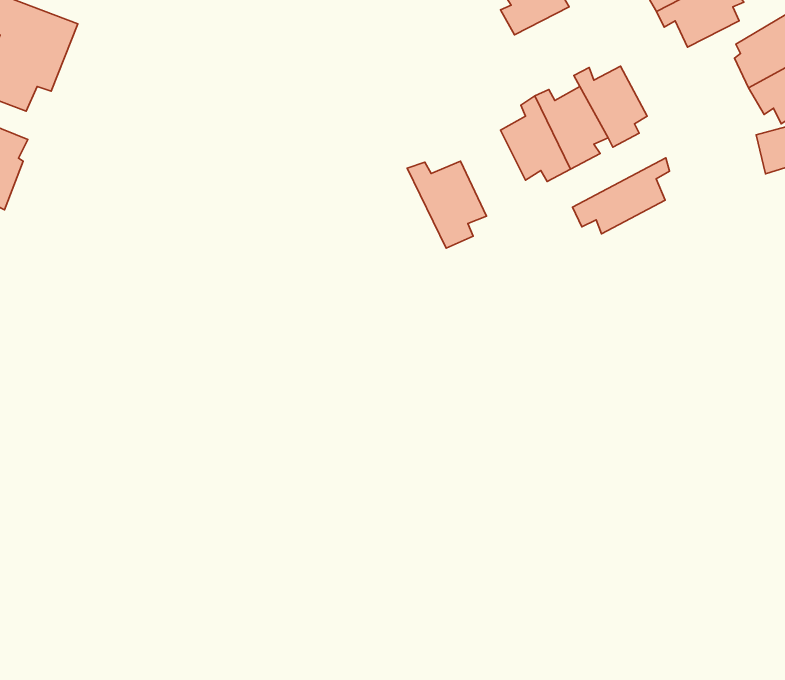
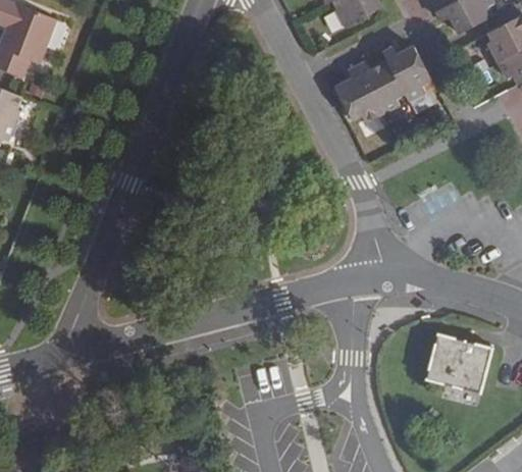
building: [573,158,670,234] -> none
building: [407,161,487,248] -> none
building: none -> [428,331,495,395]

